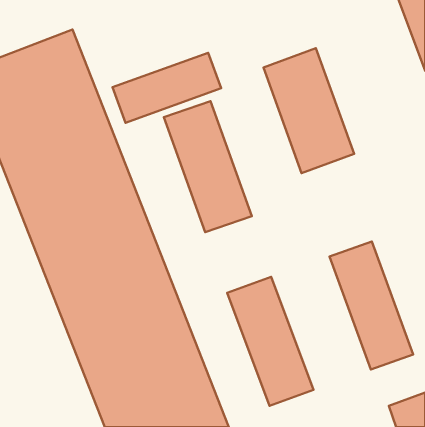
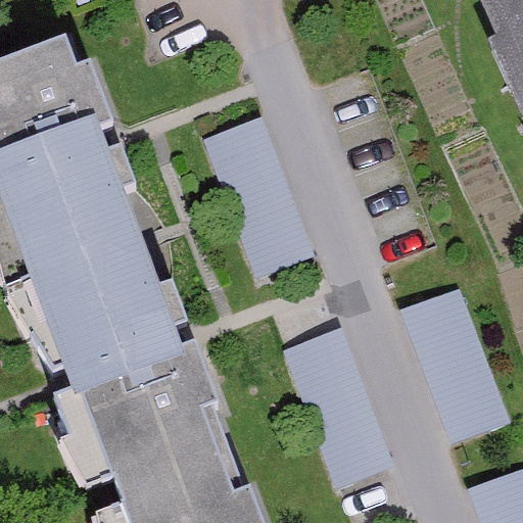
building: [263,48,354,173] -> none
building: [113,53,221,123] -> none

